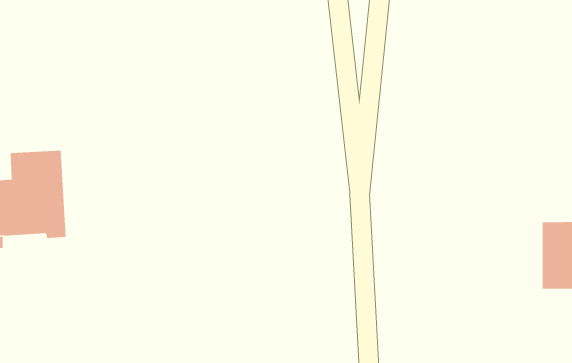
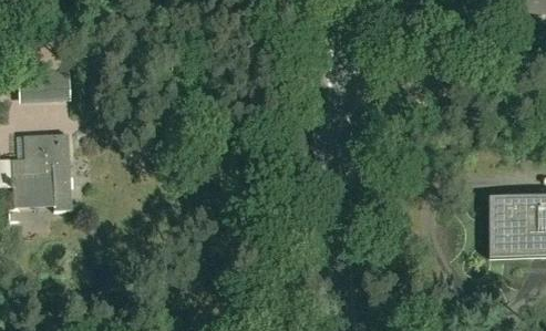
building: none -> [22,74,66,99]

